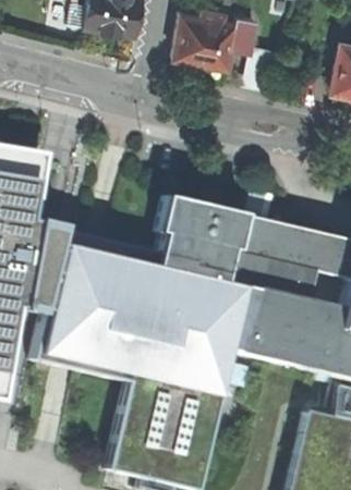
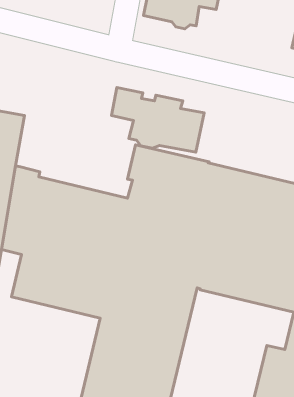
building: none -> [111,87,204,152]

